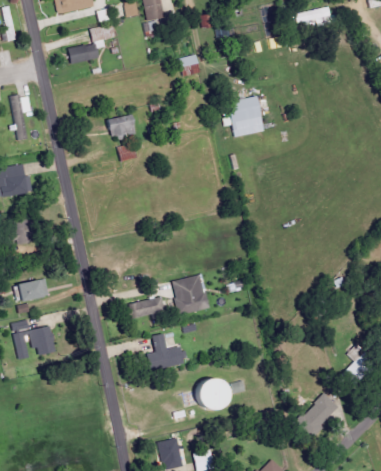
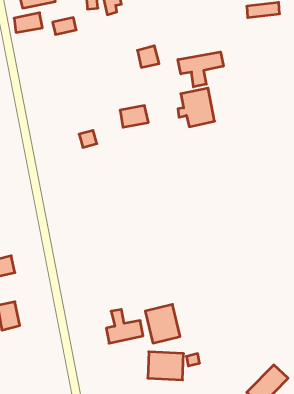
building: [68,42,98,63] -> [14,13,42,32]
building: none -> [178,52,223,87]
building: [107,113,137,136] -> [120,106,148,127]
building: [172,273,209,314] -> [145,304,180,343]
building: [130,296,164,317] -> none

